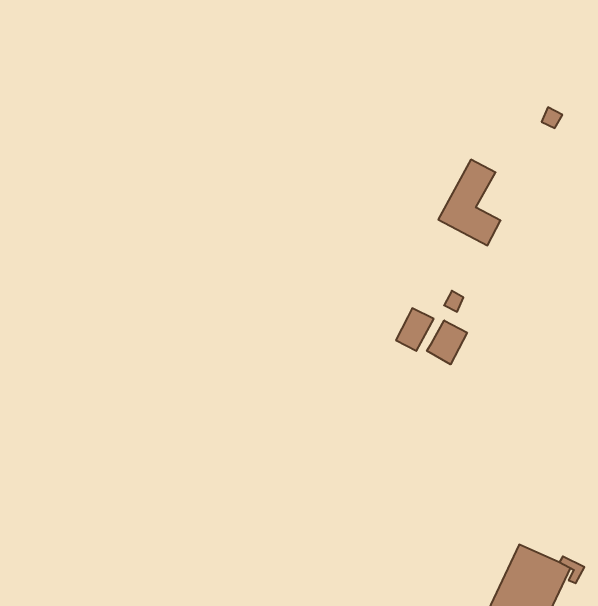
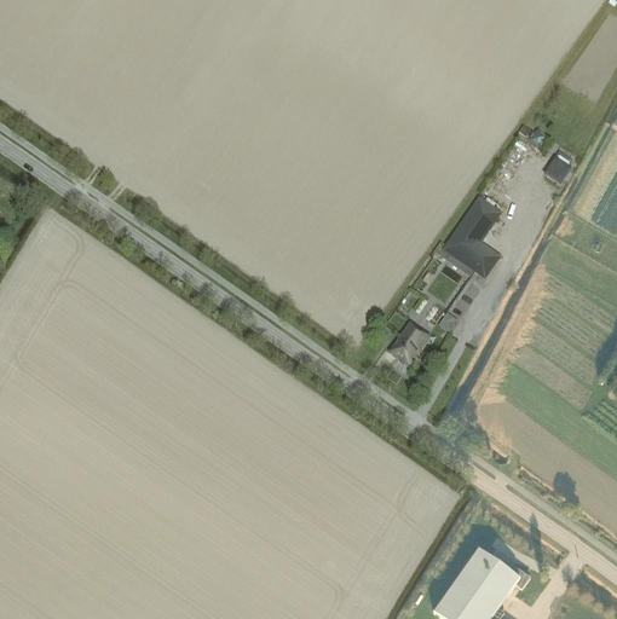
building: [427,320,467,364] -> none

